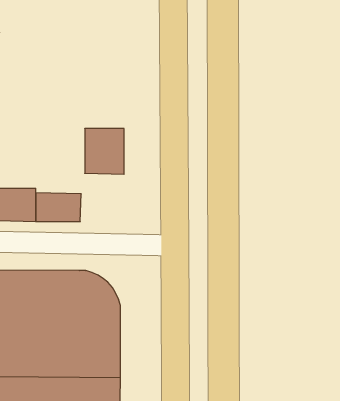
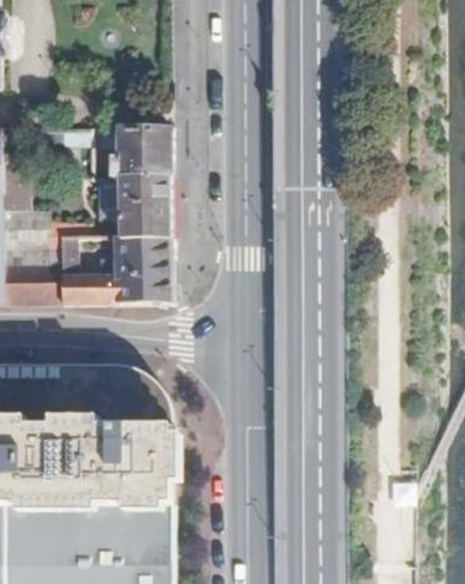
building: none -> [119,133,173,185]
building: none -> [113,244,172,310]

